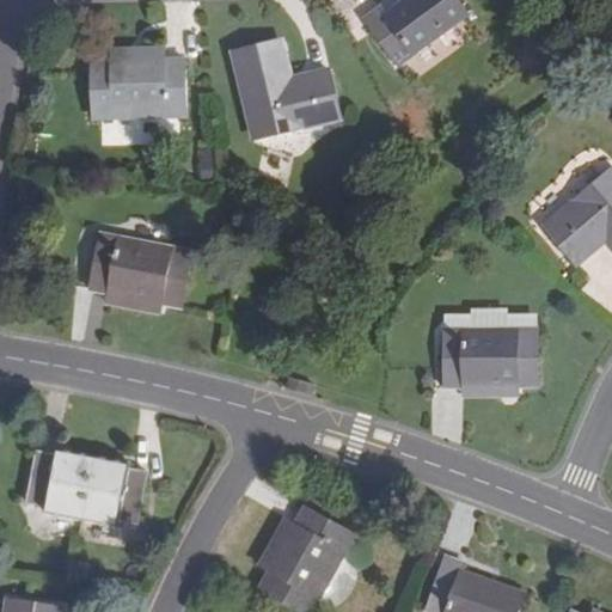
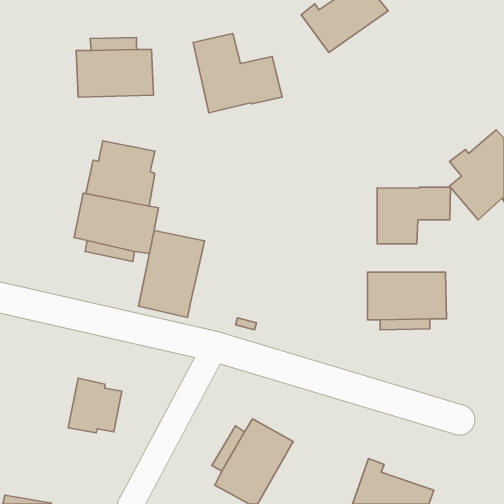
building: none -> [86,141,155,206]
building: none -> [377,187,450,244]
building: none -> [139,230,204,317]
building: [27,449,94,516] -> none

